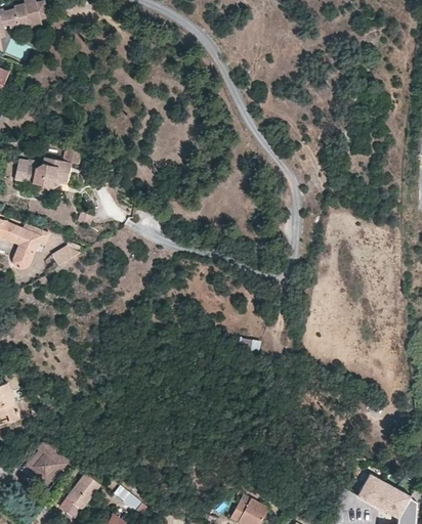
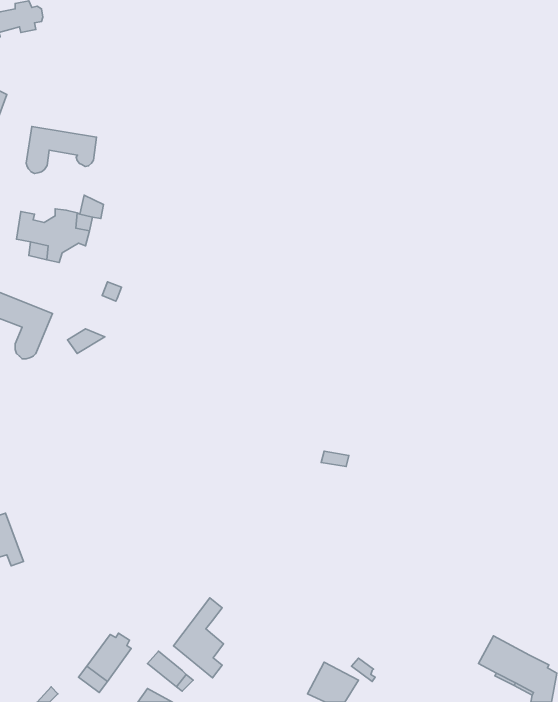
building: none -> [26,126,96,174]
building: [30,438,71,480] -> none
building: none -> [173,598,224,678]

